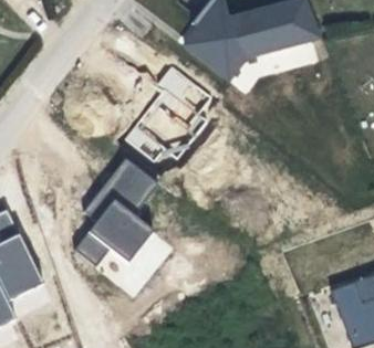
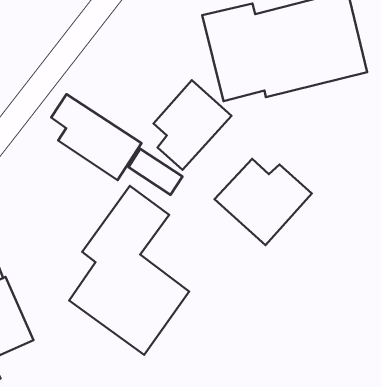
building: none -> [51,94,142,180]
building: none -> [214,159,312,245]

